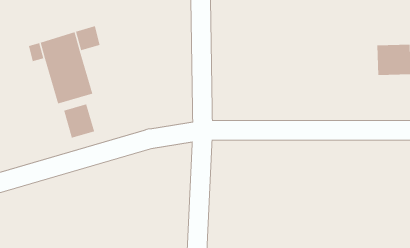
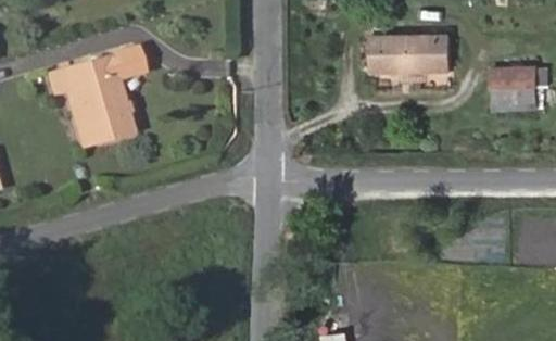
building: none -> [377,37,452,72]
building: [63,104,95,138] -> none

